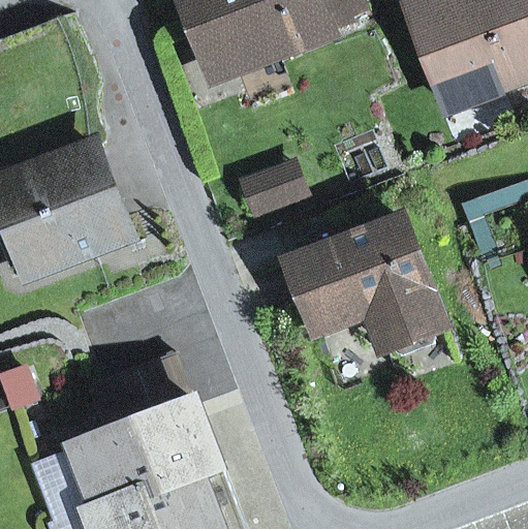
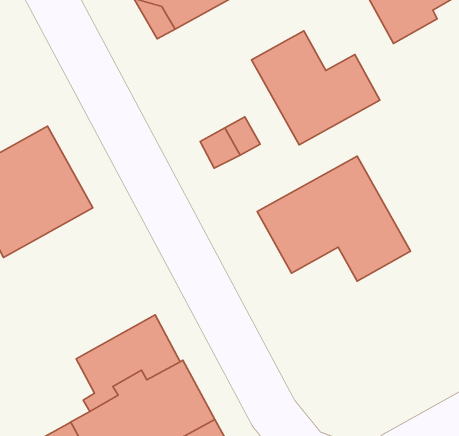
building: none -> [252,31,380,145]

